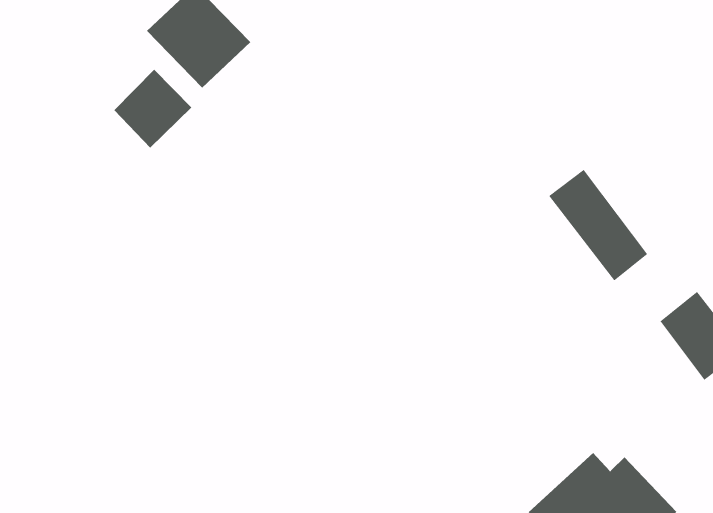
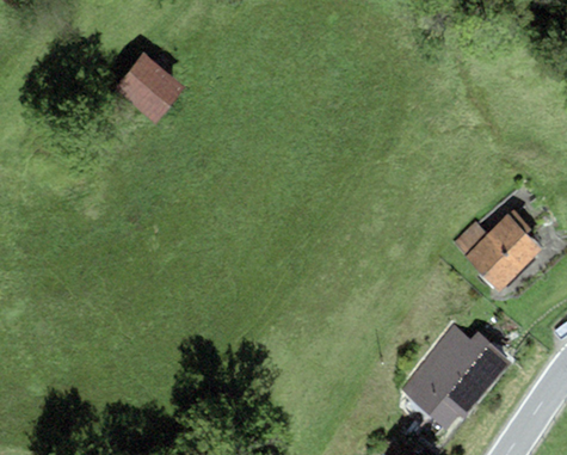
building: [113,69,192,148] -> none
building: [548,169,648,281] -> [446,219,519,291]

